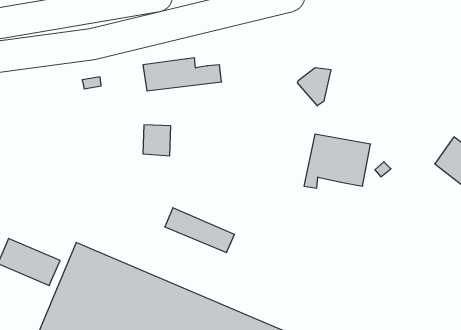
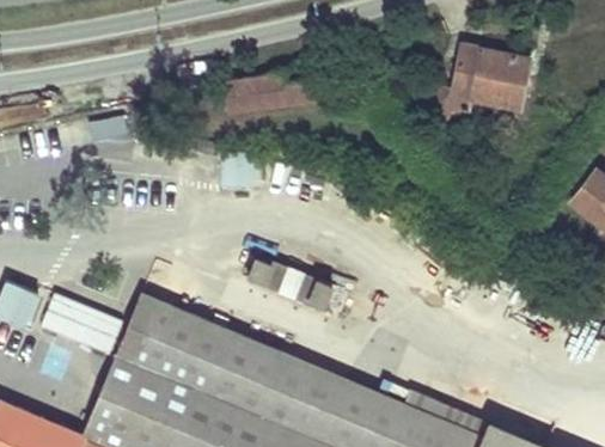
building: [304,134,371,188] -> [448,45,528,110]

